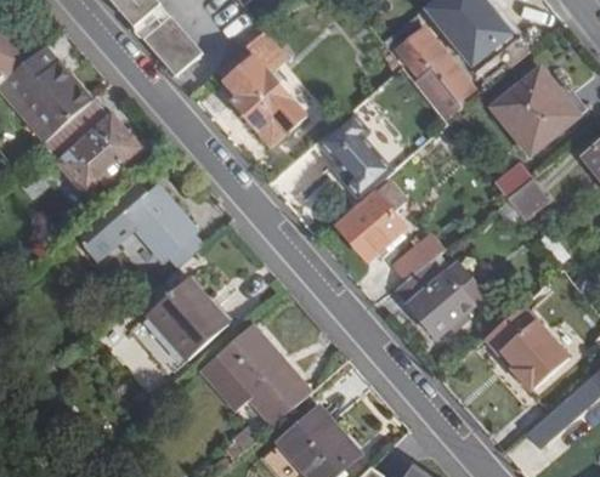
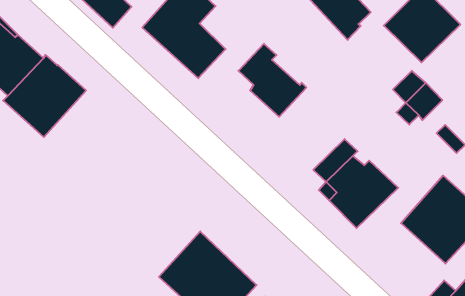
building: [339,178,408,259] -> none
building: [75,182,205,276] -> none
building: [132,278,228,371] -> none

